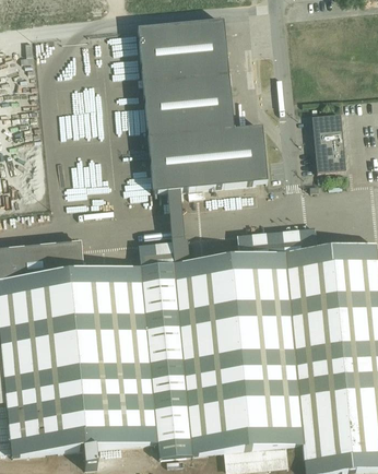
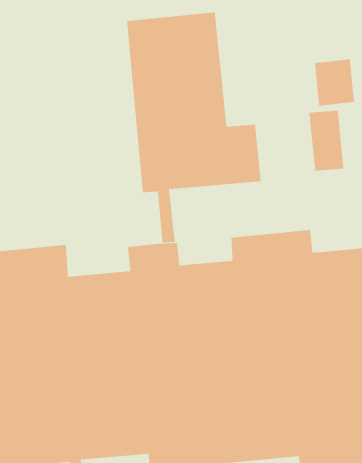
building: none -> [314,59,354,107]

